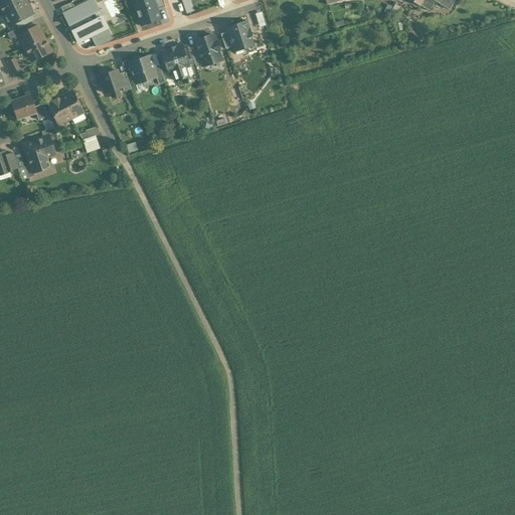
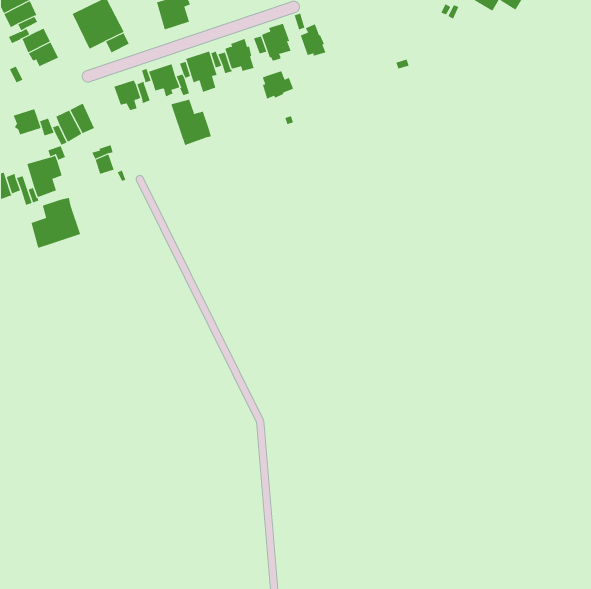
building: none -> [300,24,326,57]
building: none -> [262,70,294,99]
building: none -> [171,99,212,146]
building: none -> [31,197,81,248]

